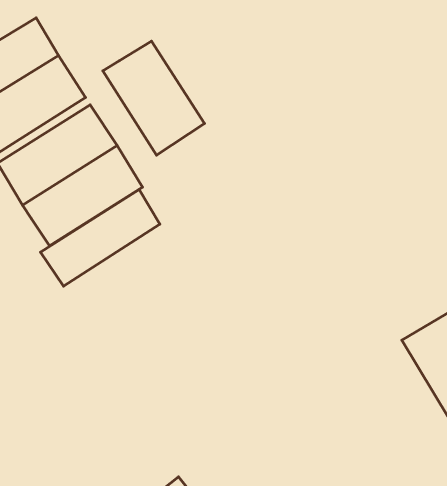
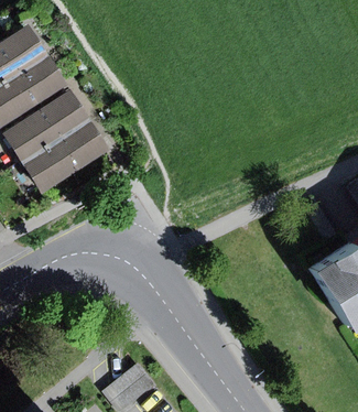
building: [103,41,205,155] -> none
building: [41,189,160,286] -> none

